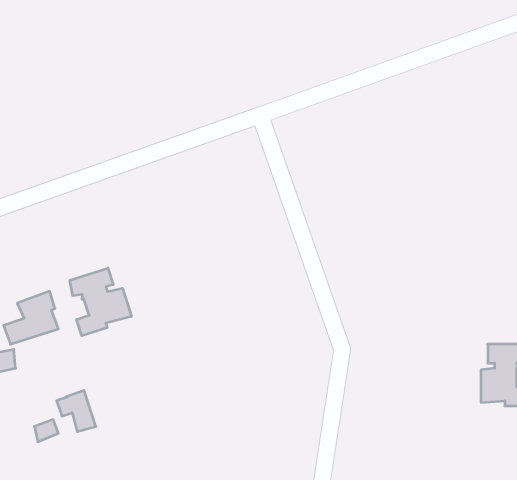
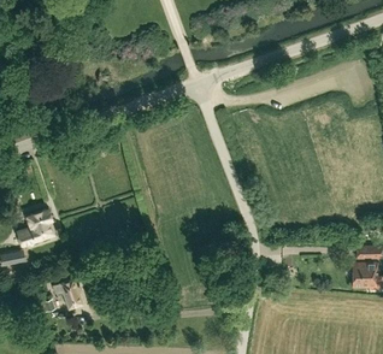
building: [70,268,131,336] -> none

